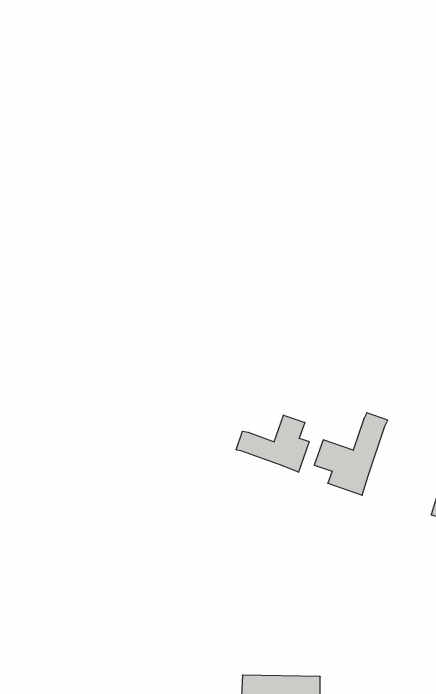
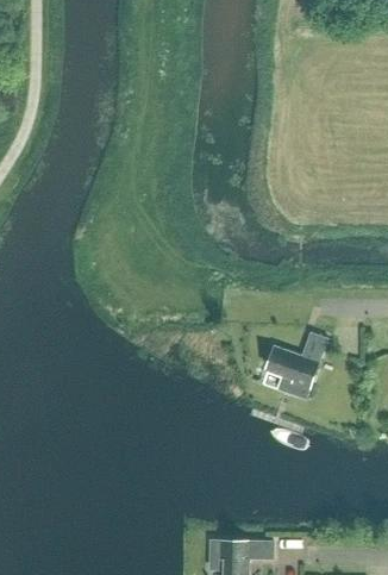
building: [236,415,309,472] -> none

